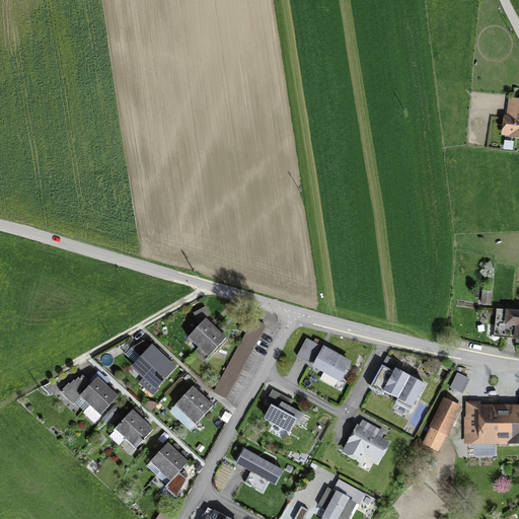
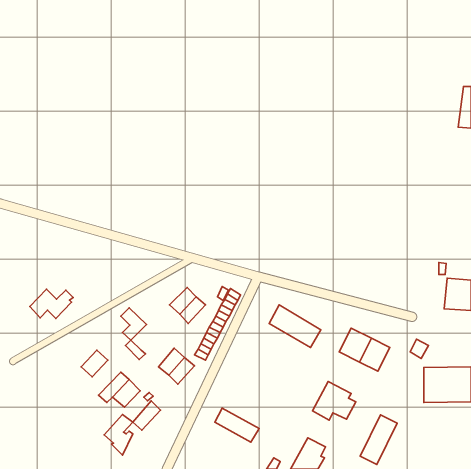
building: [144,357,172,385] -> none
building: [61,371,108,403] -> [30,289,73,319]
building: [421,397,461,452] -> [360,415,397,465]
building: [264,403,305,434] -> none
building: [156,451,188,496] -> [104,415,133,455]

